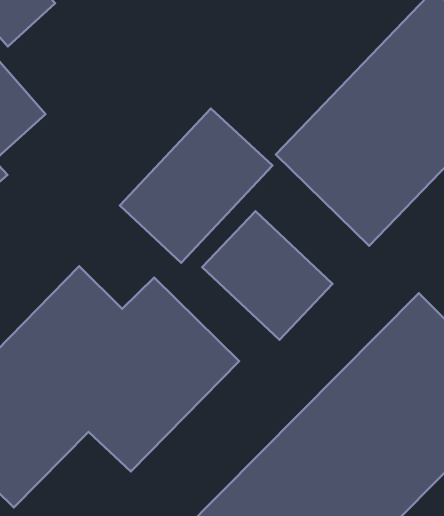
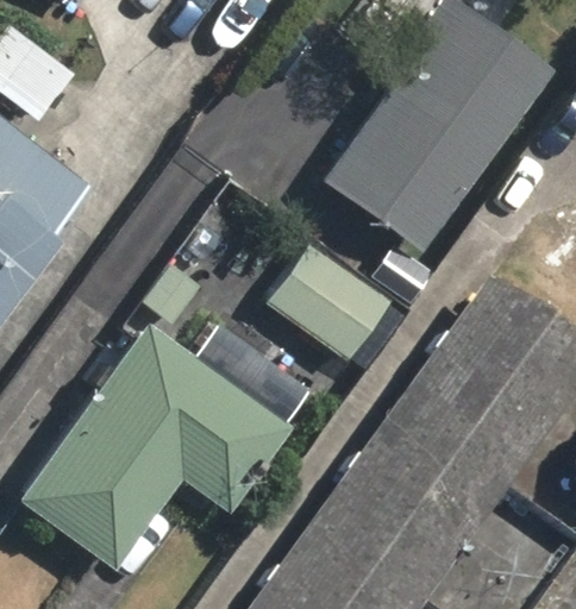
building: [120,108,272,263] -> none

